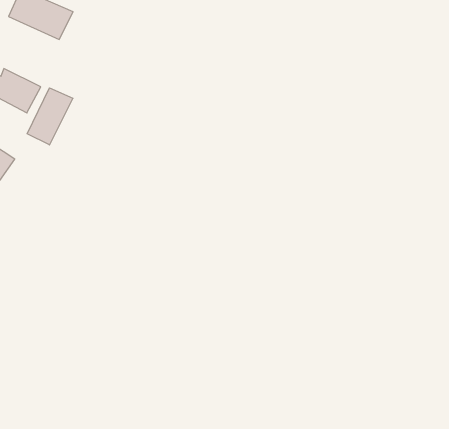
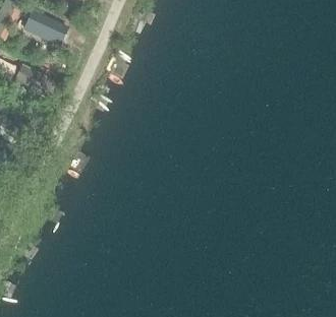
building: [27,88,73,145] -> none

